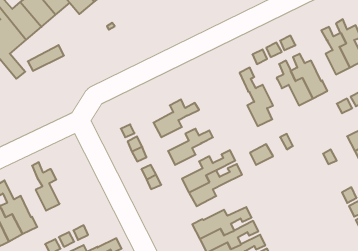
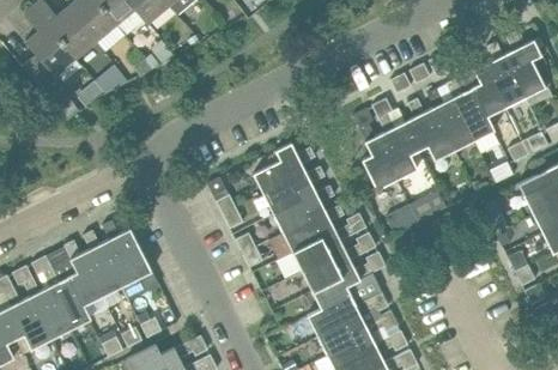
building: none -> [467,50,507,116]
building: none -> [405,97,455,159]
building: none -> [352,107,398,189]
building: none -> [263,163,326,213]
building: none -> [283,201,345,251]
building: none -> [103,219,142,286]
building: none -> [63,238,103,305]
building: none -> [313,250,386,309]

